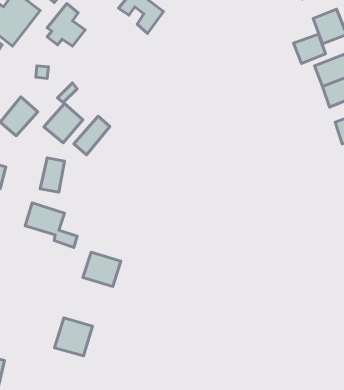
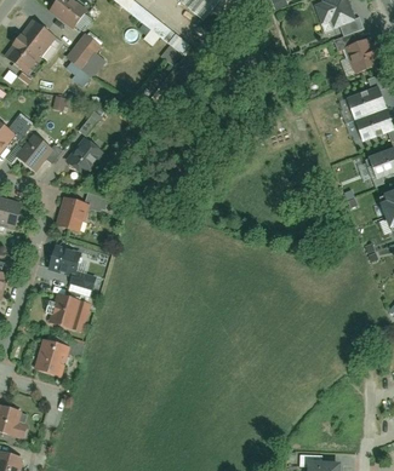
building: [294,34,326,63] -> none
building: [74,116,110,155] -> none
building: [83,252,121,287] -> [48,297,88,333]
building: [55,318,93,356] -> [32,339,72,379]

